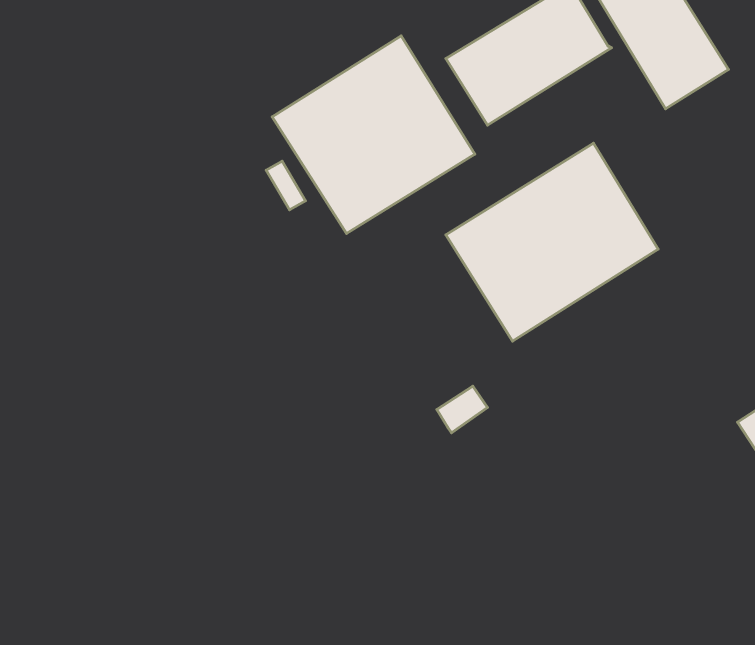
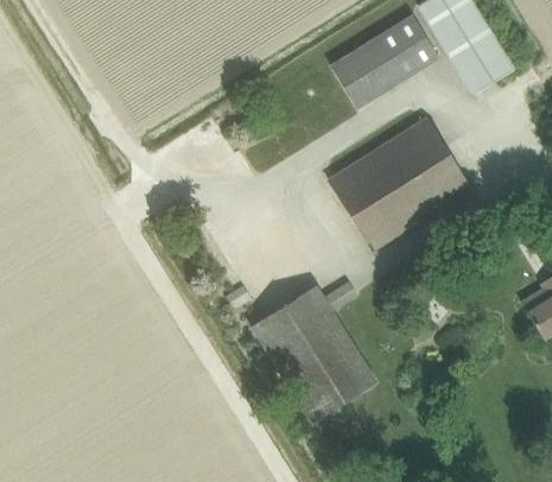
building: [272,36,475,234] -> none
building: none -> [250,285,375,421]

